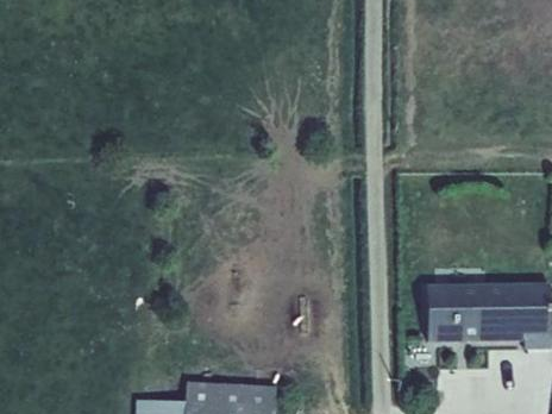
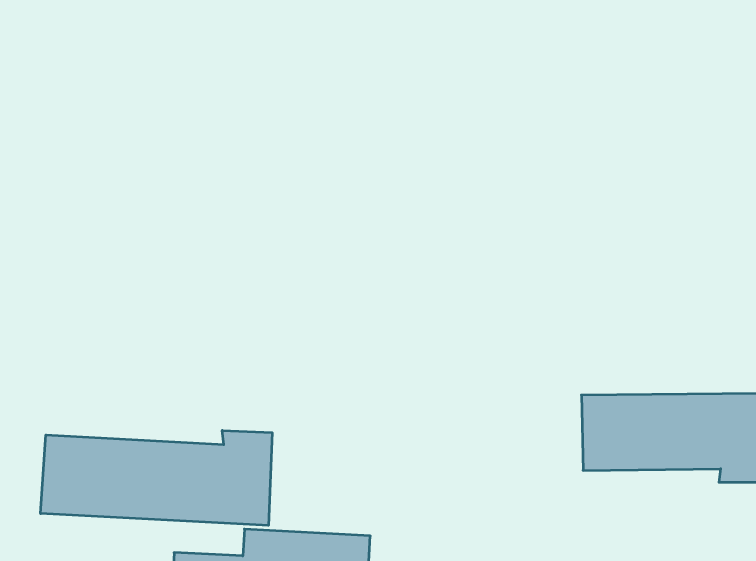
building: none -> [41,430,272,525]

